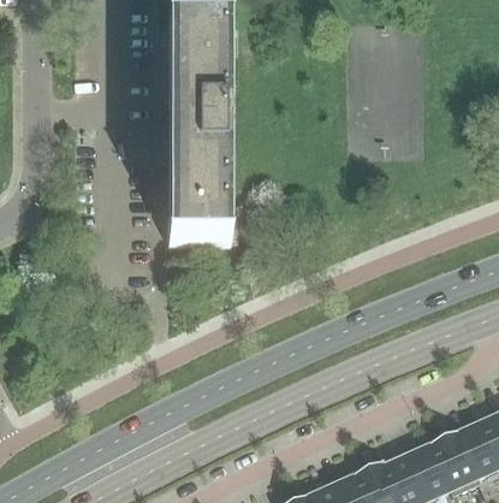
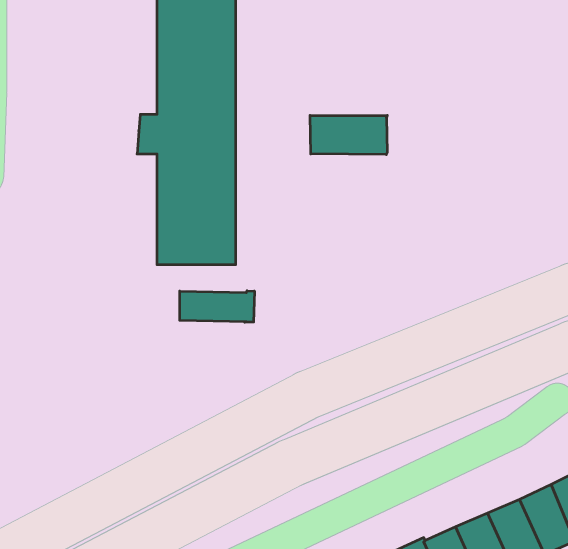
building: none -> [310,115,387,155]
building: none -> [180,291,254,322]

